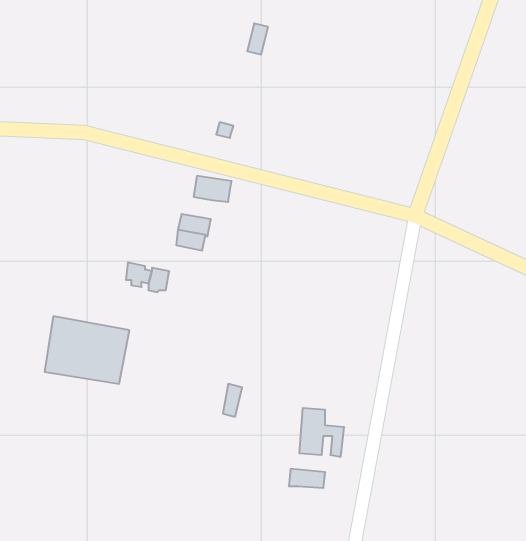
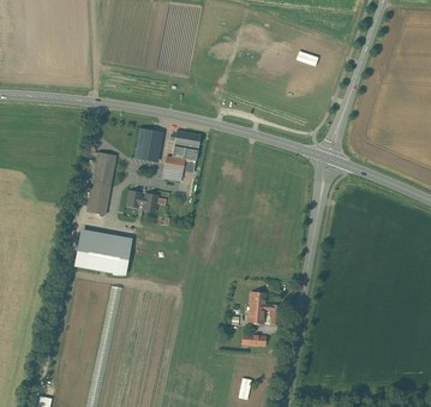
building: none -> [136,128,160,162]
building: none -> [88,154,116,215]

